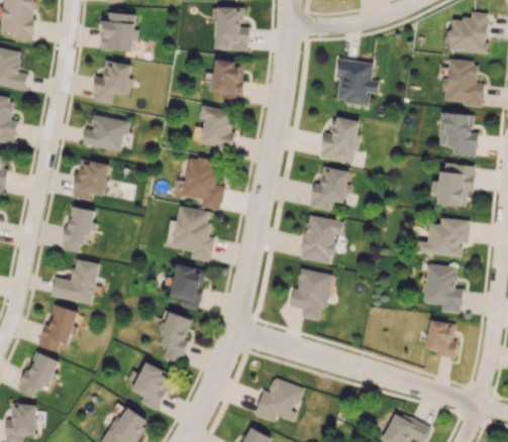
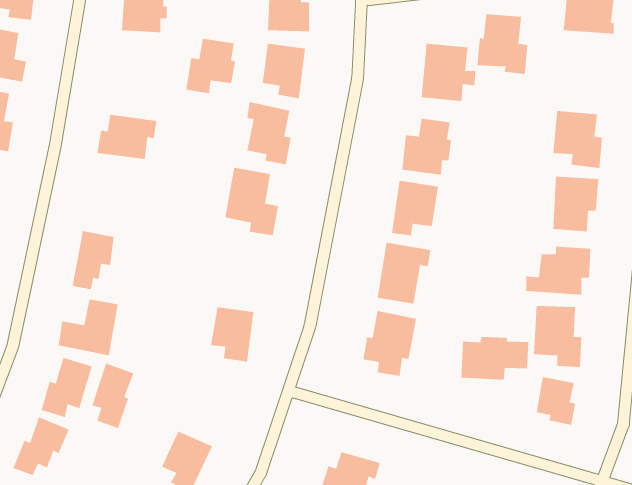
building: [442,60,483,107] -> [476,14,528,75]
building: [92,61,131,104] -> [185,38,236,94]
building: [73,160,109,200] -> none
building: [171,206,214,261] -> none
building: none -> [461,336,529,380]
building: [159,312,192,363] -> [91,363,134,429]

